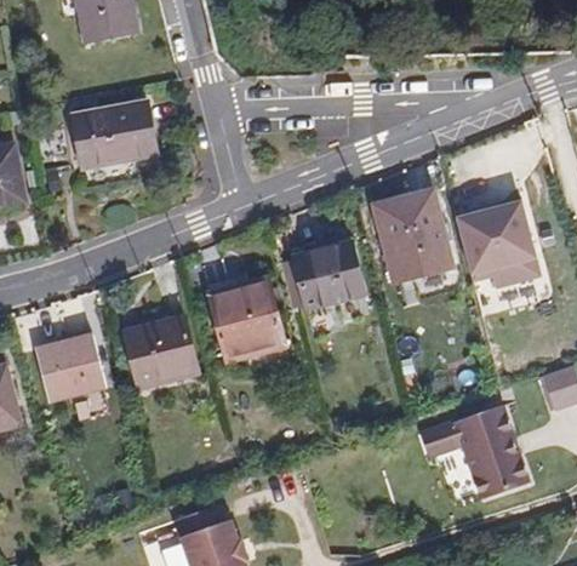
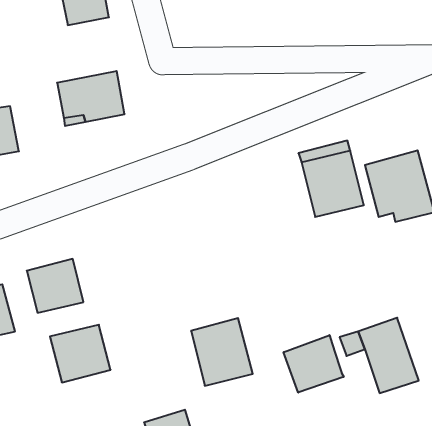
building: [293,241,366,319] -> none
building: [210,278,286,361] -> [191,318,253,386]
building: [124,316,199,388] -> [50,325,111,382]
building: none -> [284,335,344,393]

